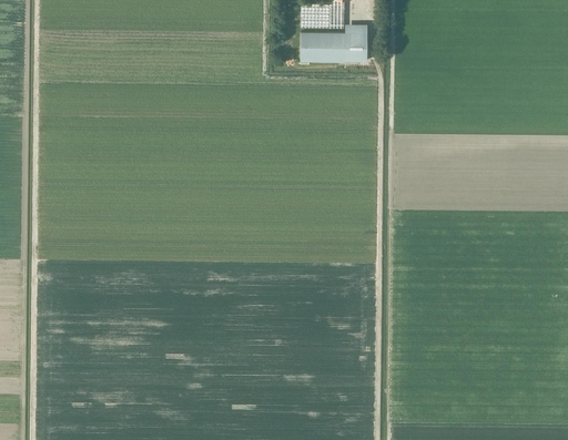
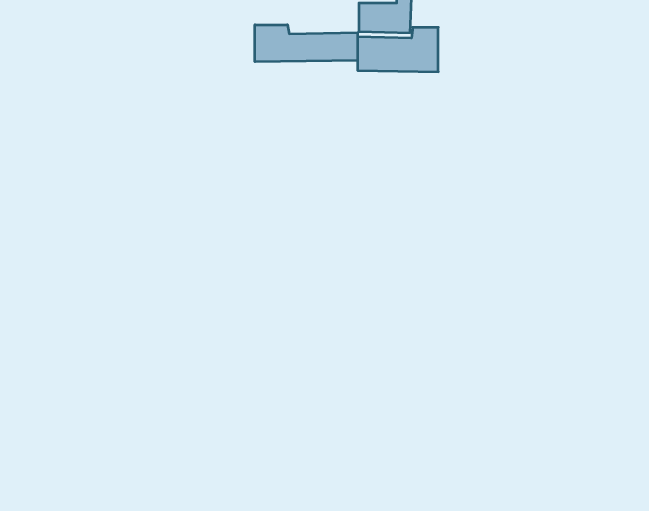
building: none -> [255,25,358,62]

